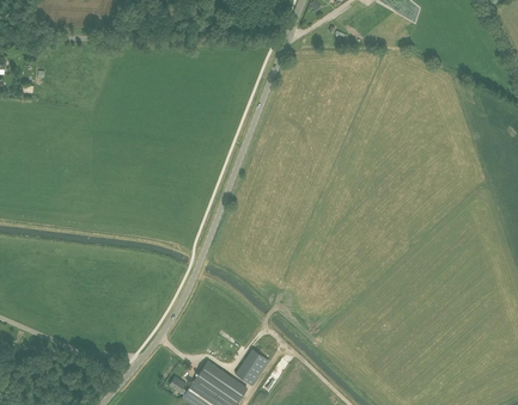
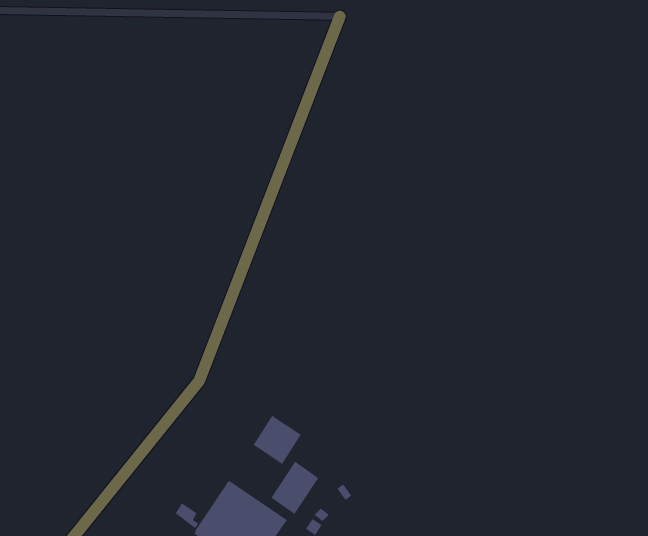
building: none -> [253,415,302,465]

